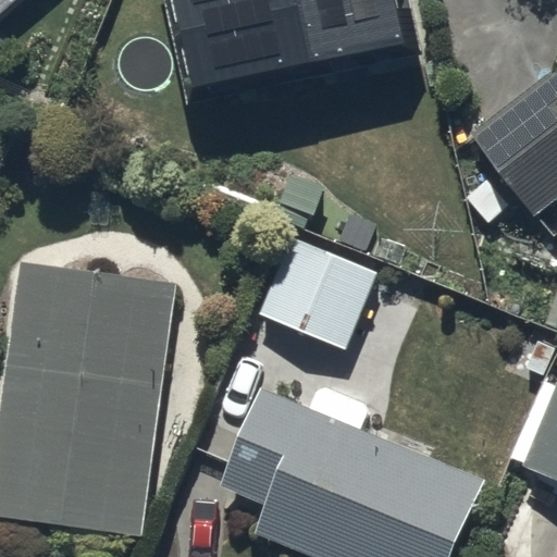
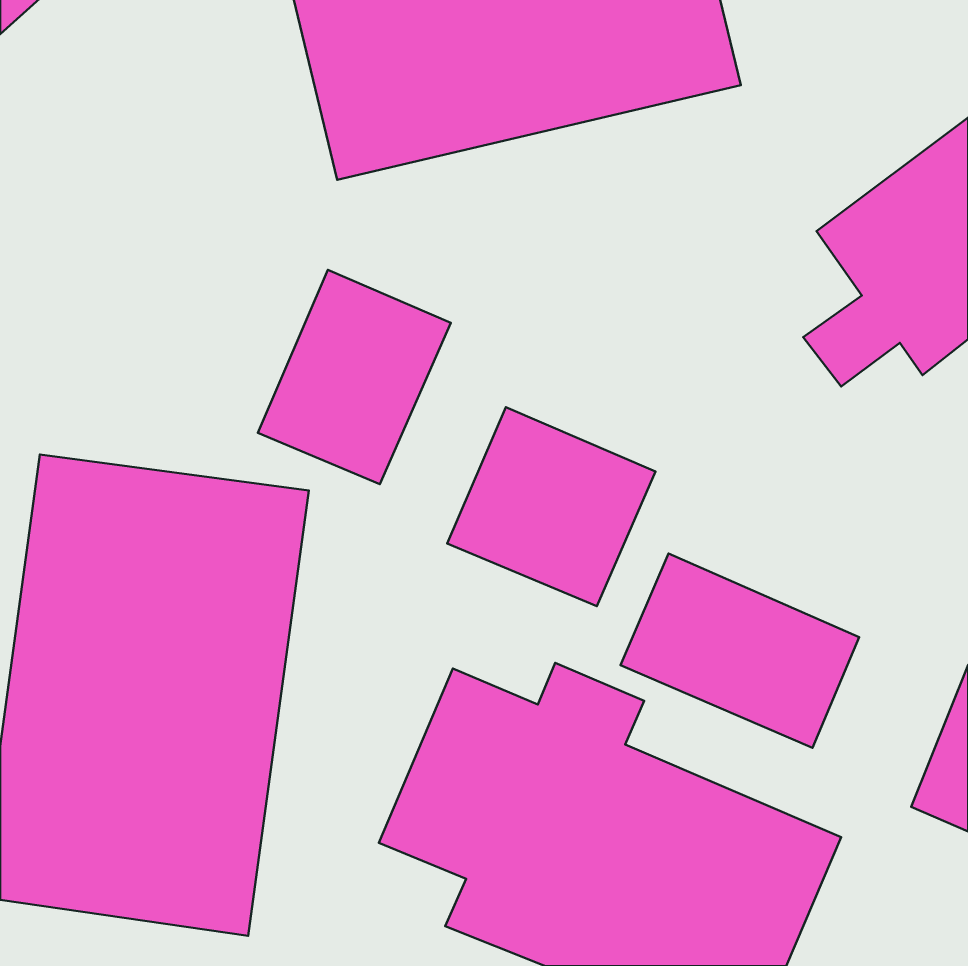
building: none -> [258,270,451,484]
building: none -> [620,554,859,748]

